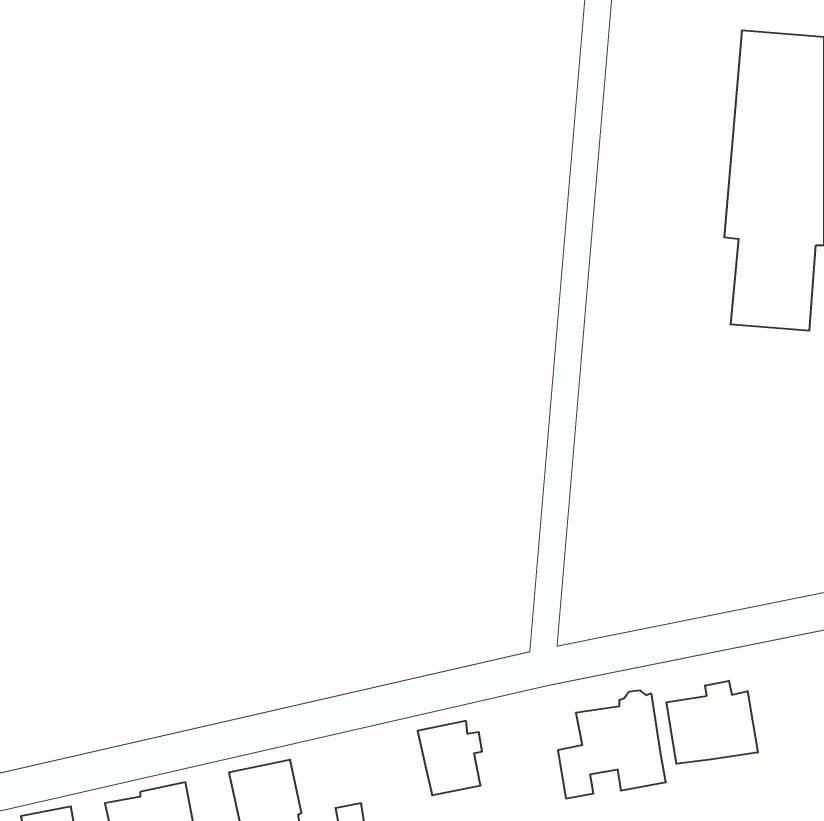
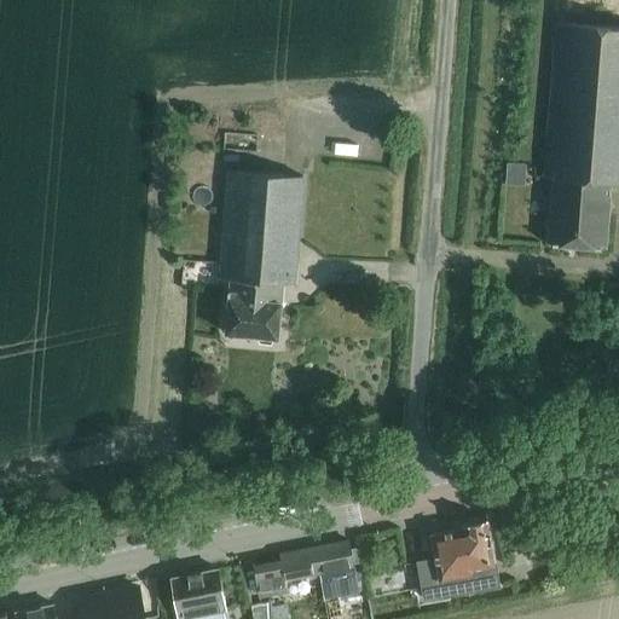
building: none -> [220,173,303,345]
building: [667,681,758,764] -> none
building: none -> [254,550,319,600]

